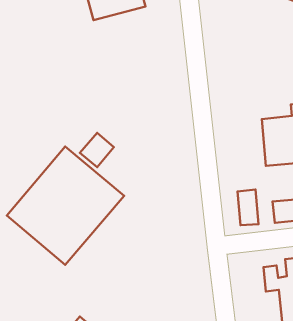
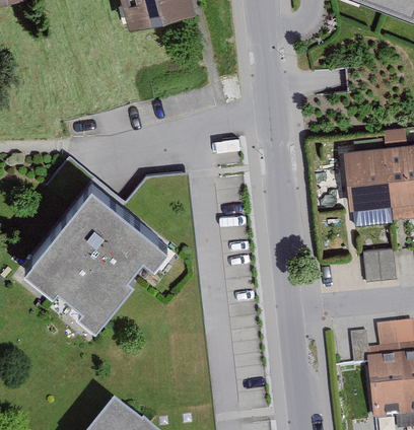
building: [80,133,114,167] -> none
building: [238,190,259,225] -> none

